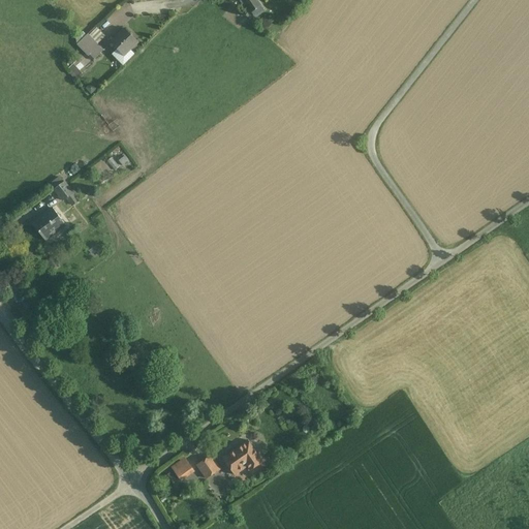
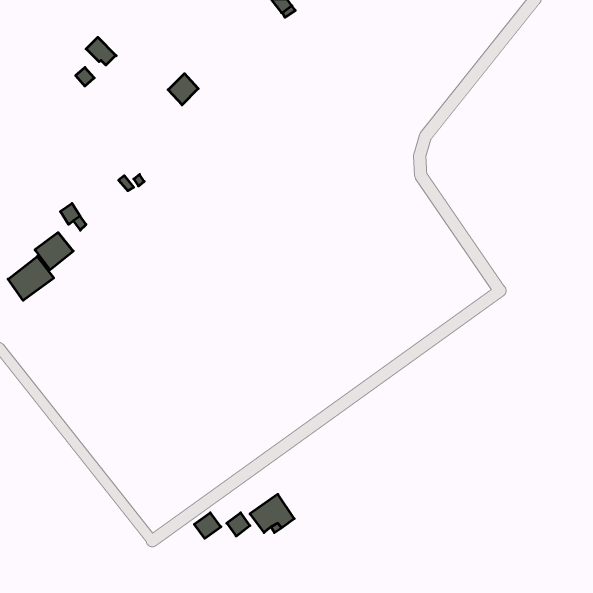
building: [111,28,137,56] -> [168,74,198,105]
building: none -> [8,256,54,300]

